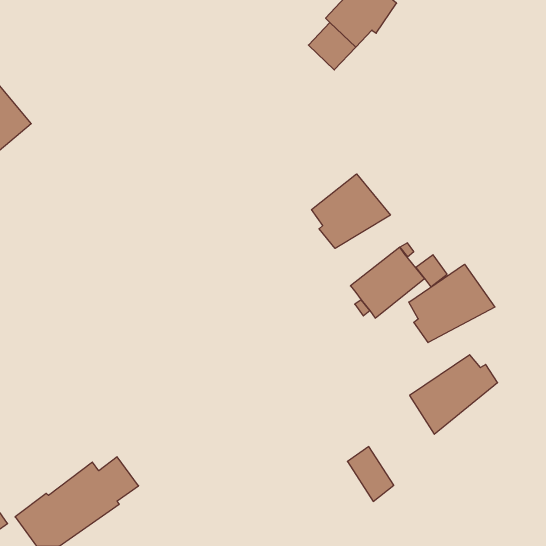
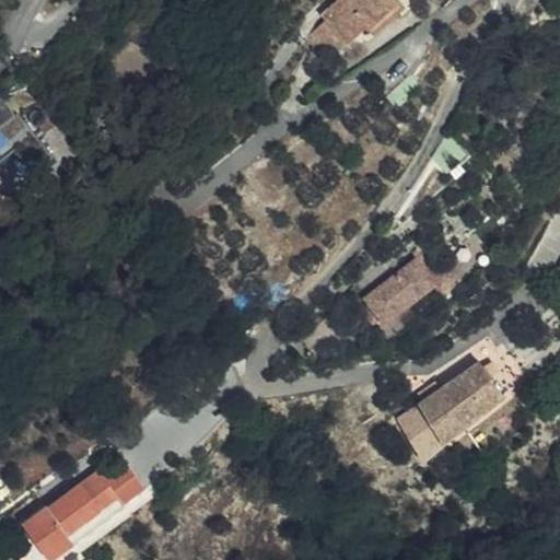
building: [312,174,390,248] -> none
building: [409,264,495,343] -> none
building: [347,447,394,501] -> [395,402,442,458]

